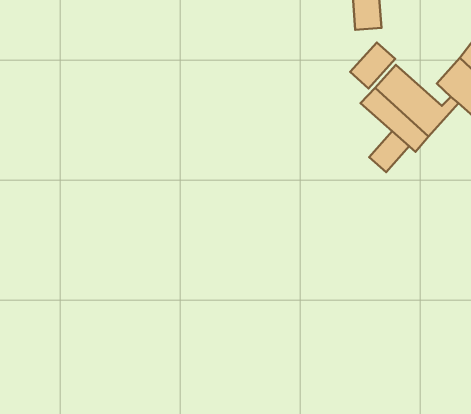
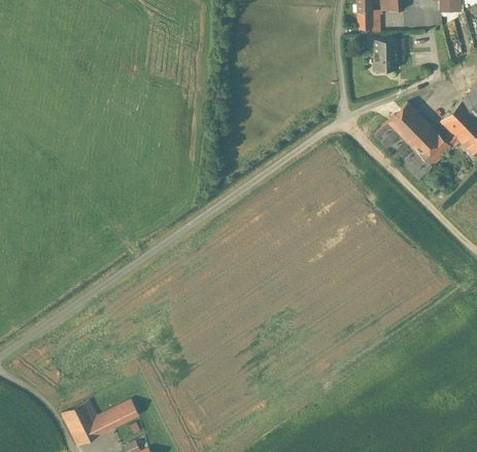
building: [350,42,395,88] -> none
building: [369,131,409,172] -> none

